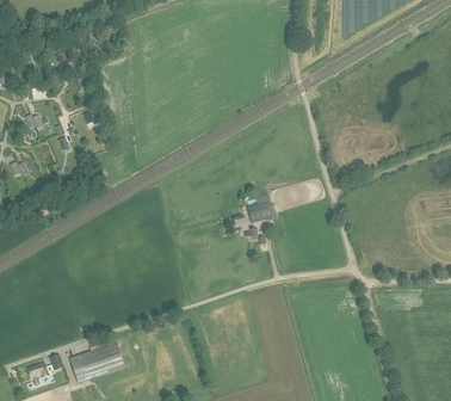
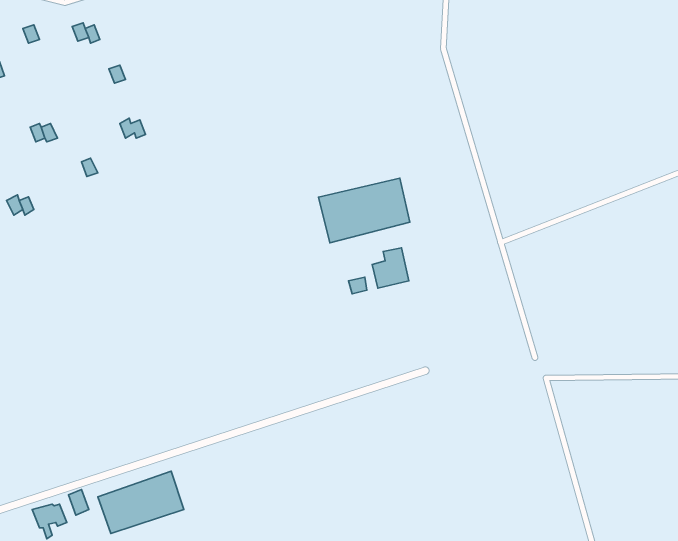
building: none -> [319,178,410,243]

